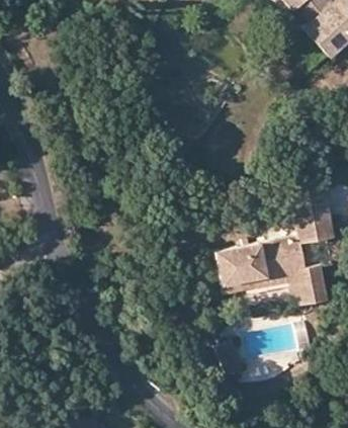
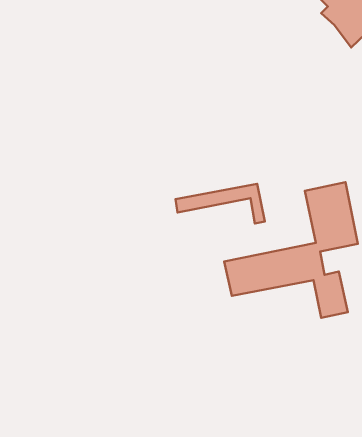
building: [221,272,302,309] -> [175,184,265,224]

